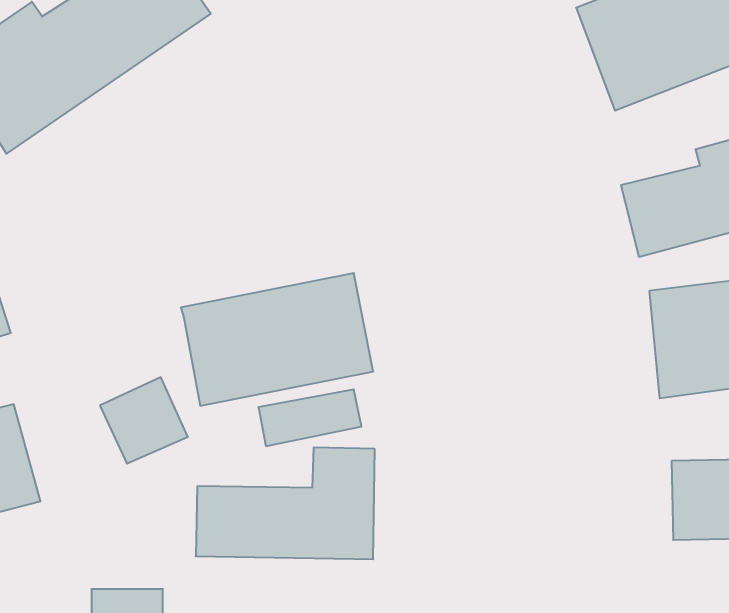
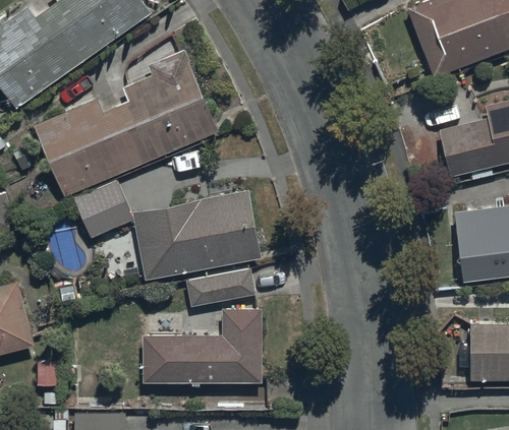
building: none -> [34,52,218,195]
building: [100,377,188,464] -> [74,181,134,240]

